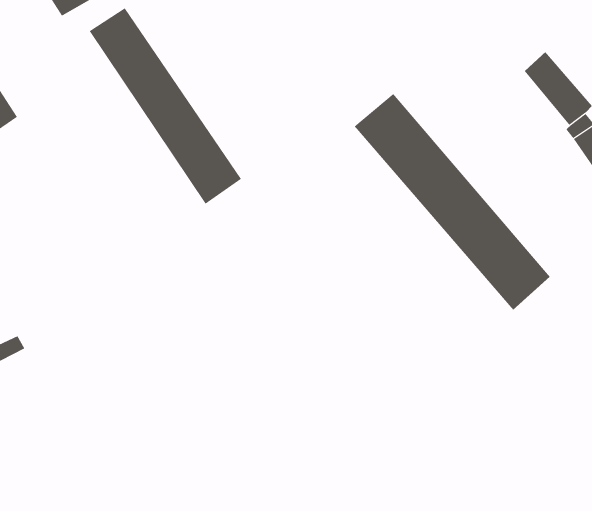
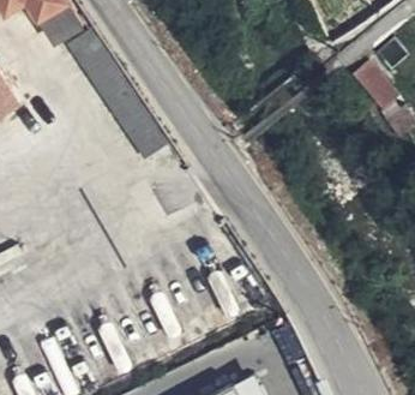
building: [354,93,551,310] -> none

